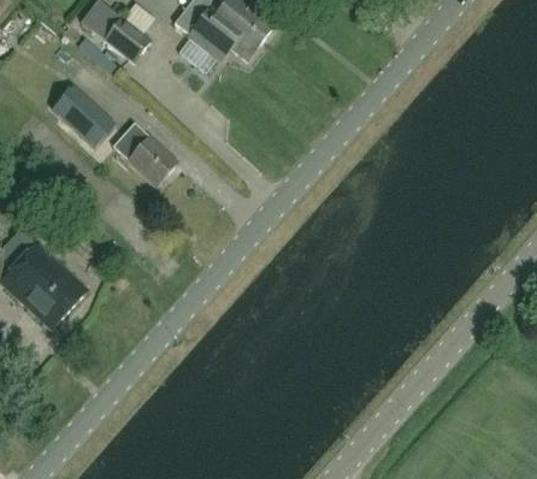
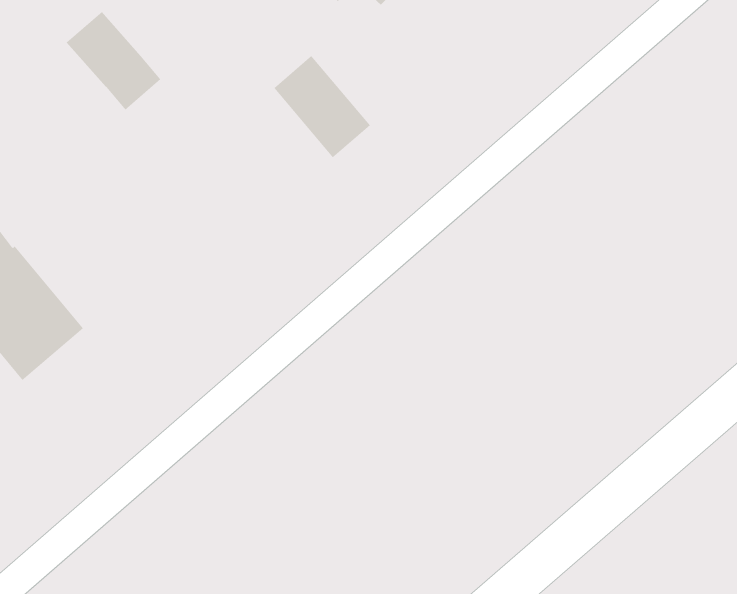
building: [112,122,177,185] -> [273,55,371,158]

